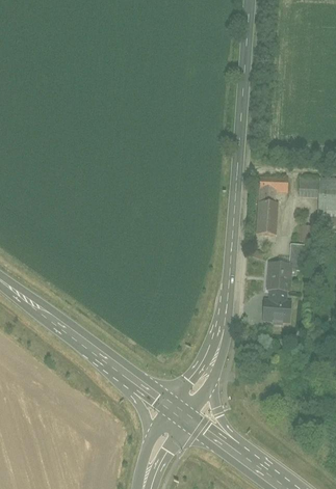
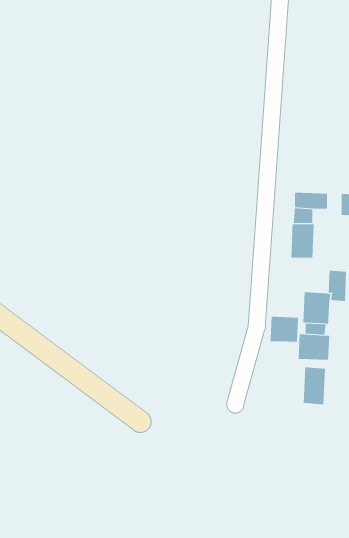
building: none -> [270,316,299,343]
building: none -> [303,366,326,405]

